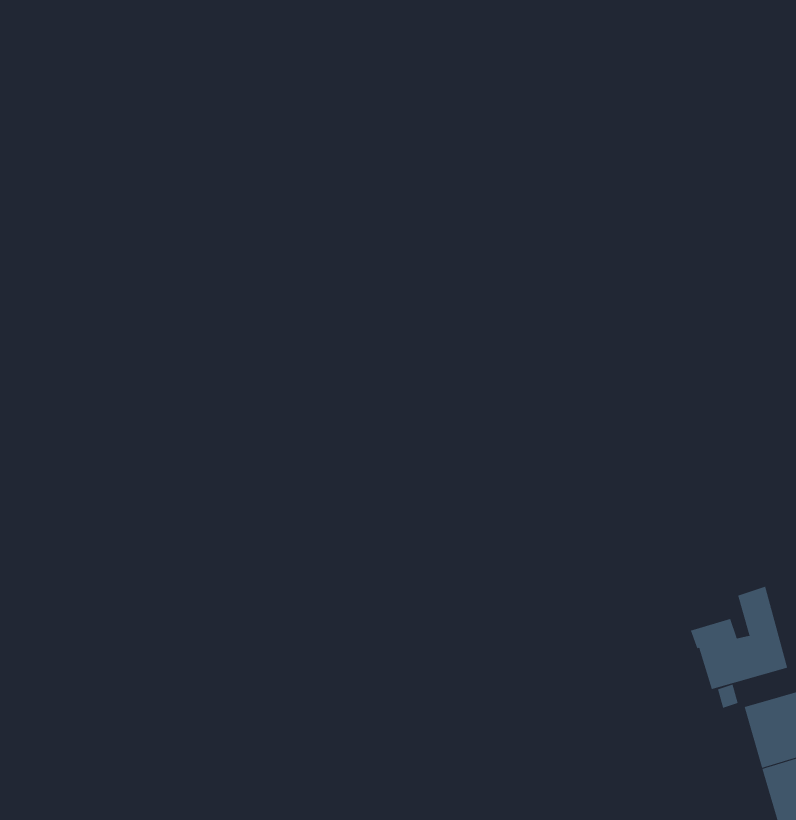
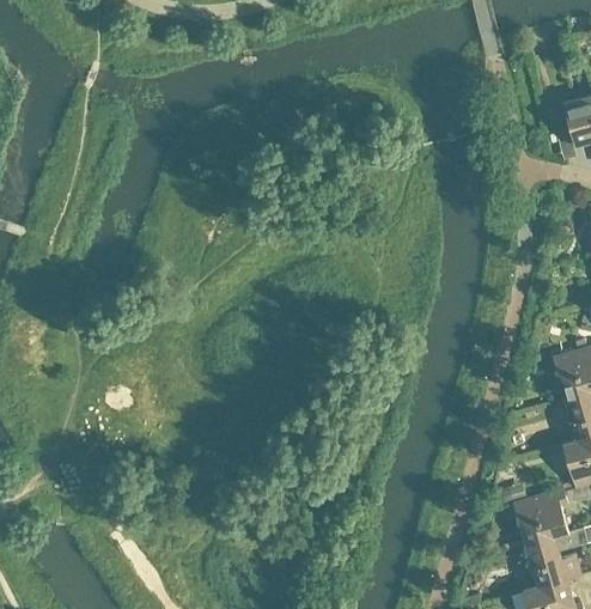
building: [690,586,788,690] -> none

